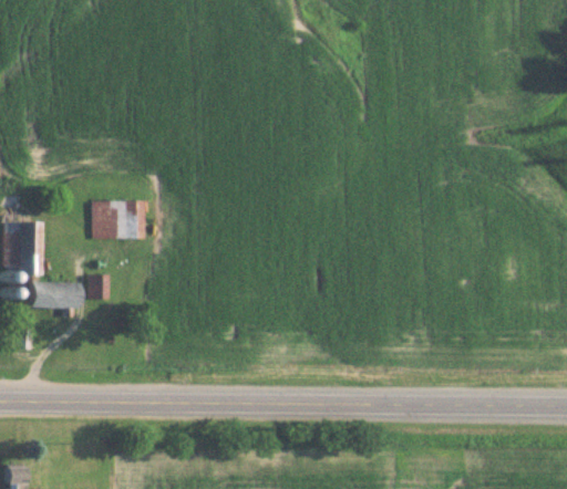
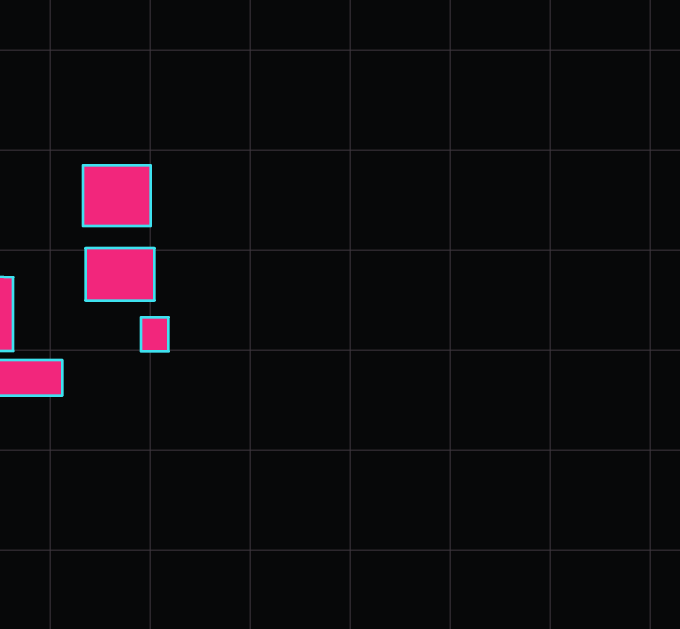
building: none -> [83,165,151,226]
building: [89,274,109,299] -> [141,317,169,351]

